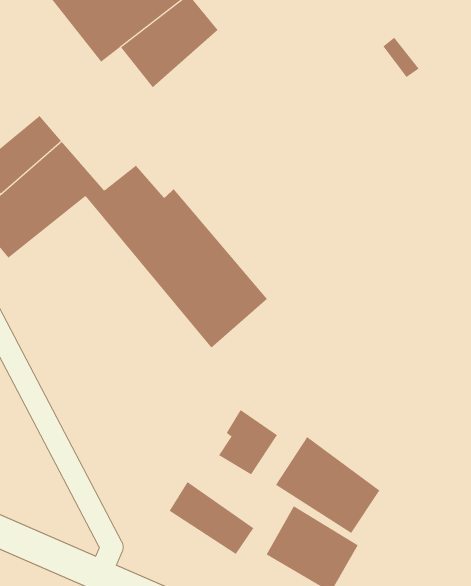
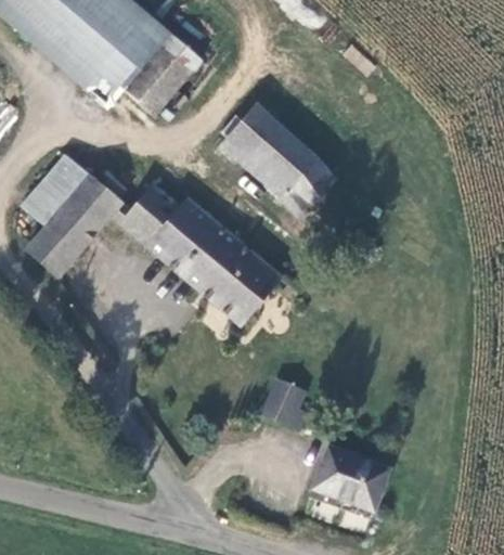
building: none -> [219,104,340,219]
building: [275,436,380,534] -> none
building: [169,481,254,555] -> none

